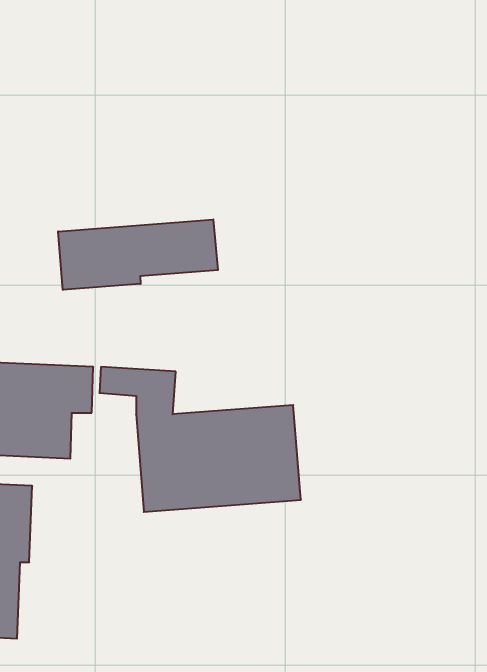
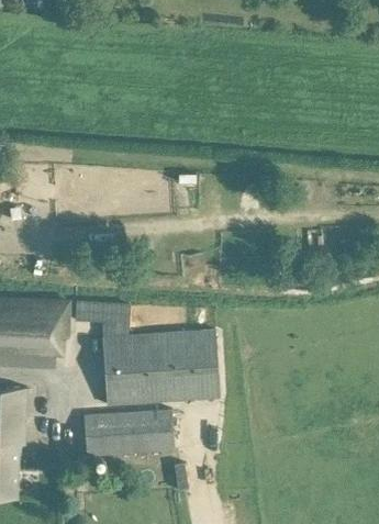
building: [58,219,218,290] -> none
building: none -> [83,409,175,455]

